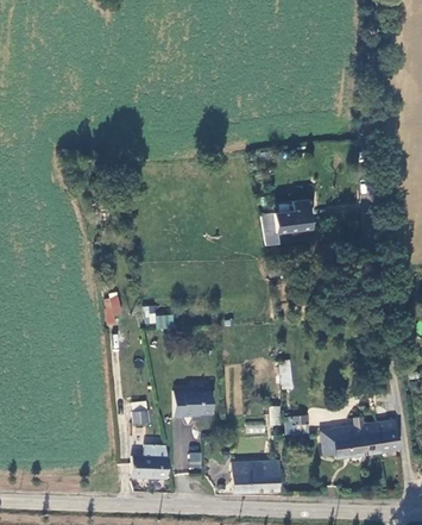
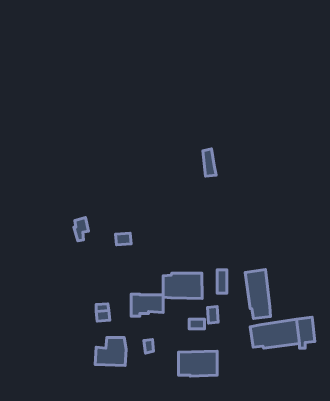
building: [272,200,310,232] -> none
building: none -> [245,270,270,319]
building: none -> [163,273,202,299]

